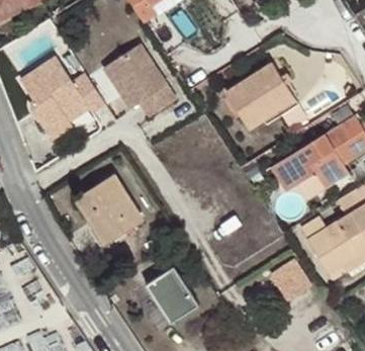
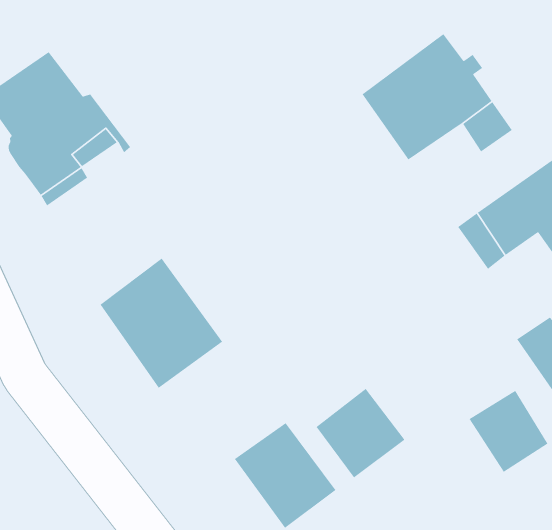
building: [104,42,191,133] -> none
building: none -> [316,388,406,478]

